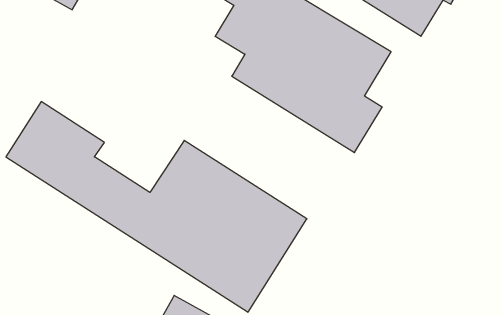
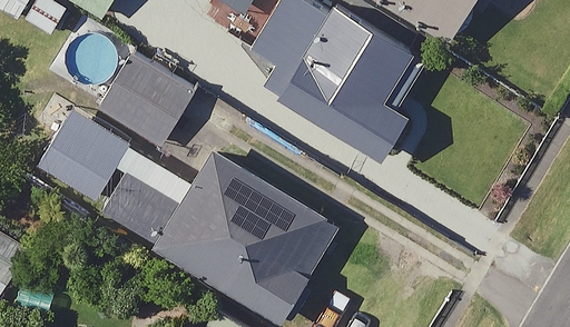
building: none -> [102,60,191,146]

